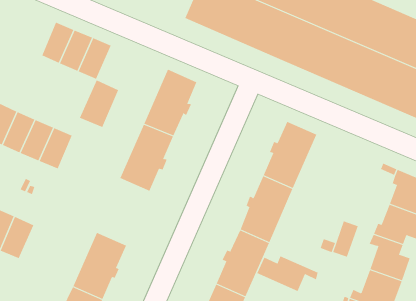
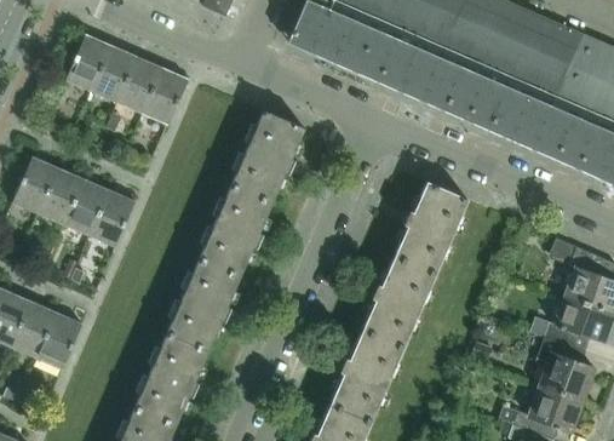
building: none -> [65,34,111,92]
building: [79,79,119,128] -> none
building: none -> [167,259,240,351]
building: [333,220,358,257] -> none
building: [256,256,318,292] -> none

